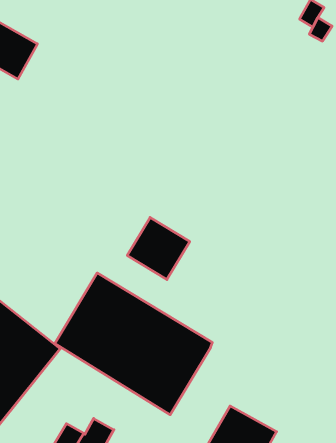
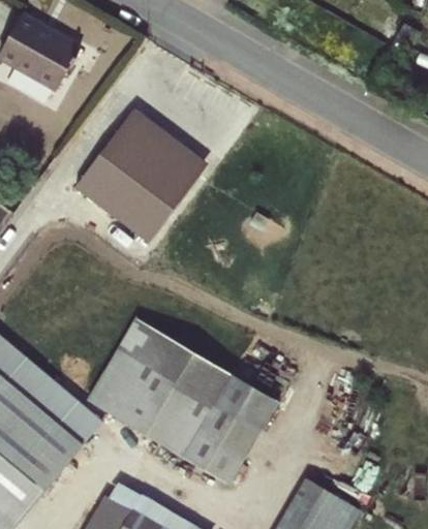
building: none -> [79,122,202,243]
building: [127,217,190,280] -> none

